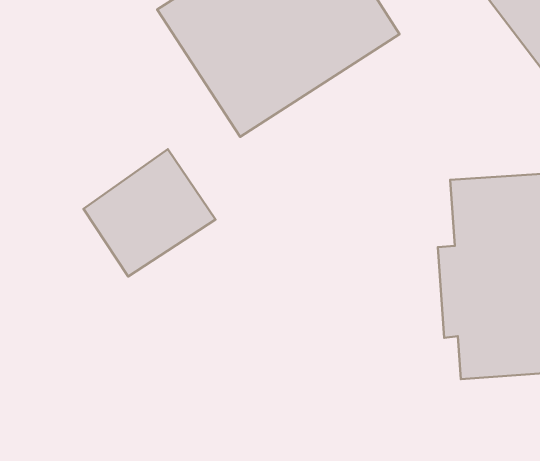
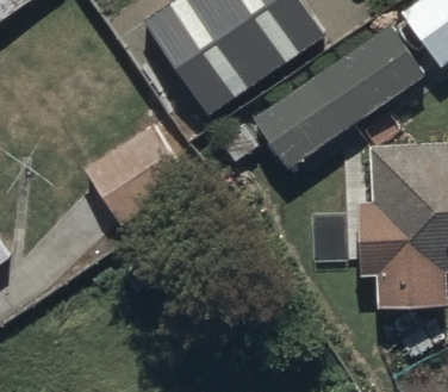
building: none -> [253,24,427,175]

